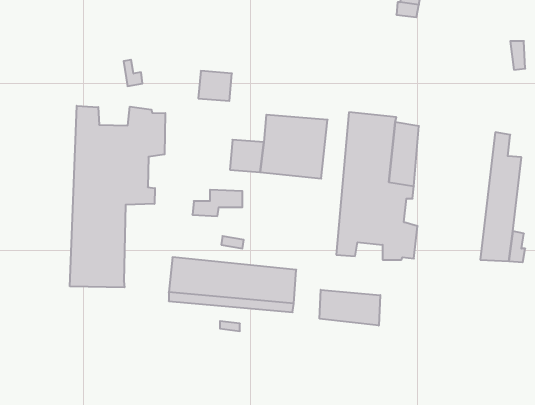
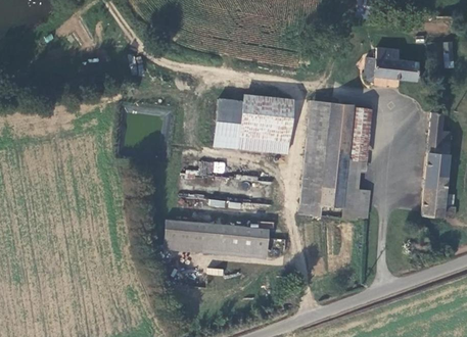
building: none -> [362,48,423,82]
building: [198,71,232,101] -> [217,97,244,122]
building: [70,106,165,287] -> none
building: [320,290,380,326] -> none

